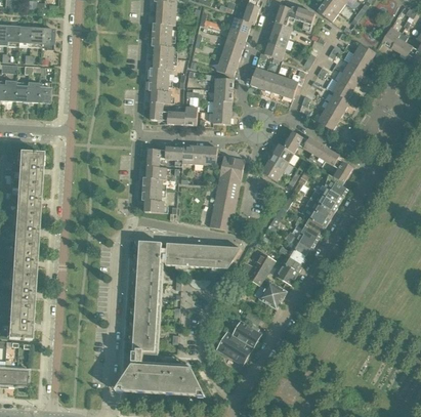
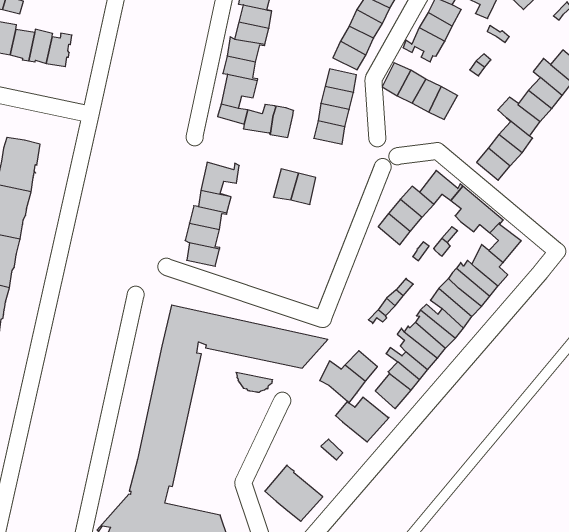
building: [169,144,196,165] -> none
building: [210,155,245,230] -> none
building: [231,320,262,346] -> none

